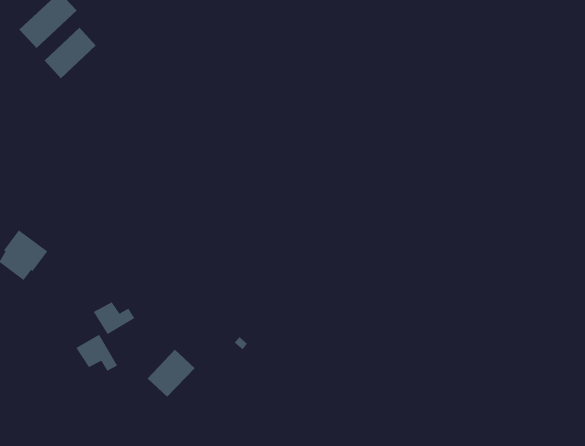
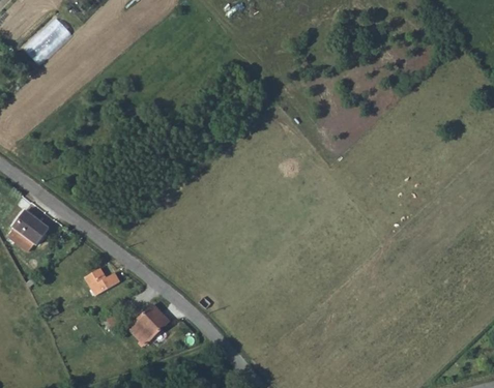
building: [44,27,96,79] -> none
building: [76,334,118,372] -> none

